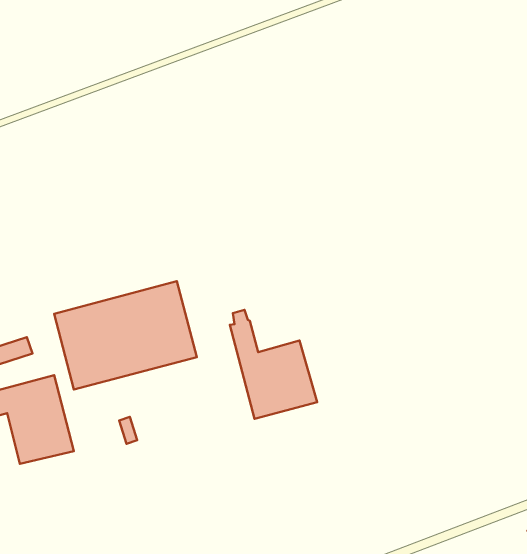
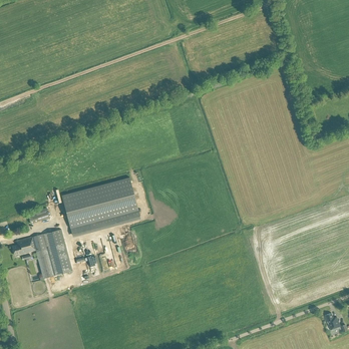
building: [230,310,317,419] -> none

